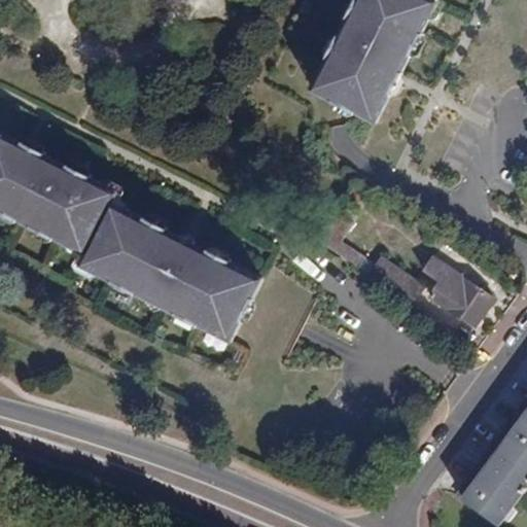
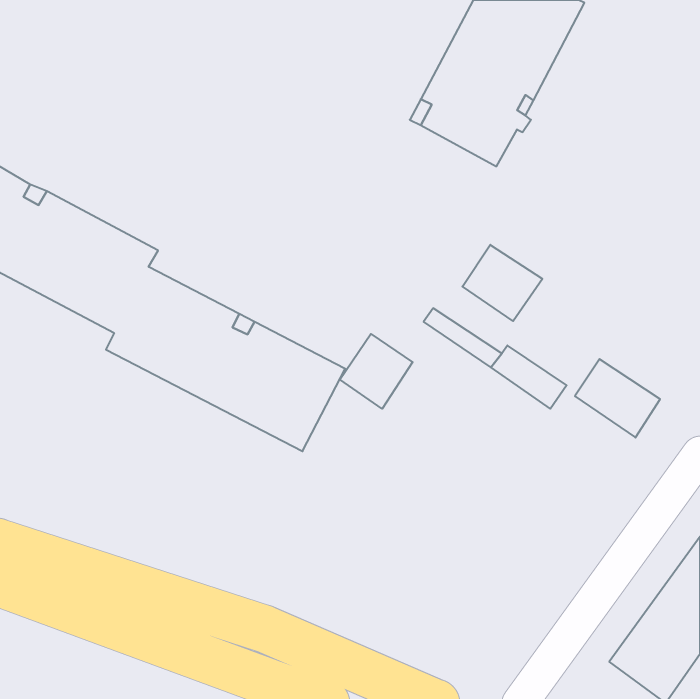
building: none -> [462,245,542,321]
building: none -> [340,334,413,409]

